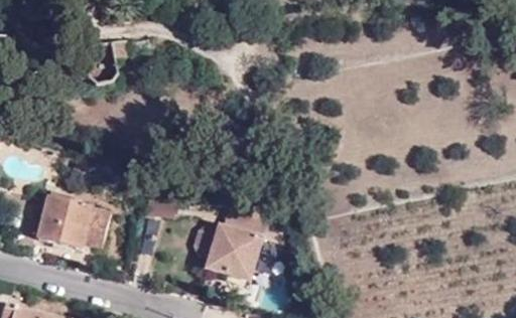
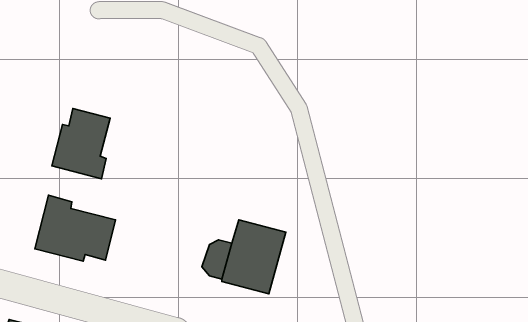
building: none -> [52,108,110,179]

